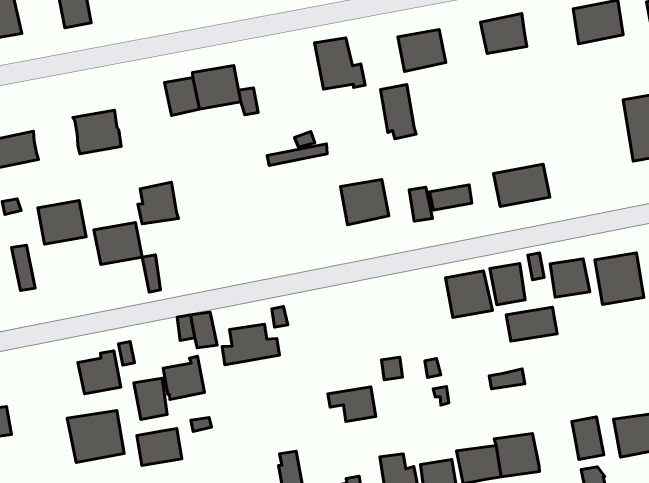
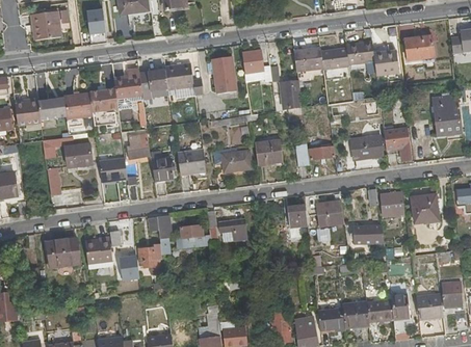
building: none -> [373,49,398,75]
building: none -> [321,50,349,72]
building: none -> [211,55,238,94]
building: none -> [114,74,143,97]
building: none -> [64,91,91,110]
building: none -> [384,128,411,160]
building: none -> [220,149,252,172]
building: none -> [177,148,207,176]
building: none -> [151,150,173,180]
building: [490,263,525,305] -> [287,203,308,228]
building: [328,387,376,421] -> [218,219,247,240]
building: [67,410,124,463] -> [45,237,79,268]
building: none -> [365,298,393,322]
building: [137,428,182,466] -> none

